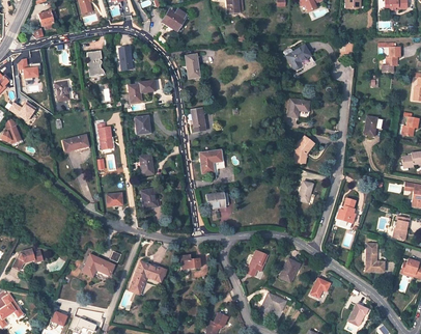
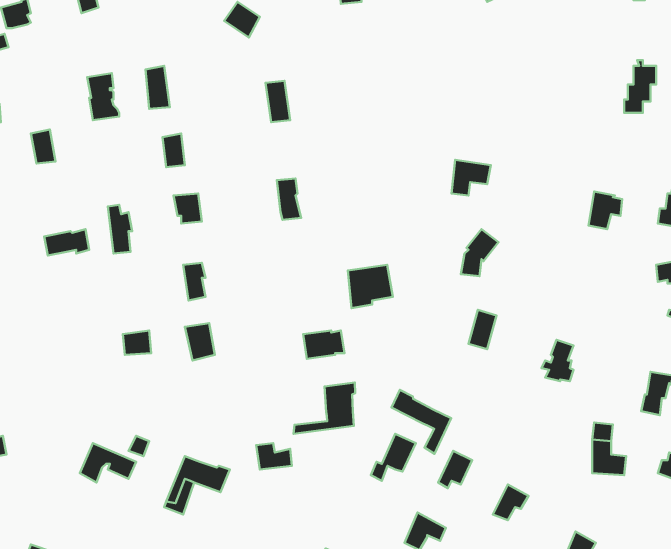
building: [286,45,315,71] -> none
building: [200,149,225,173] -> [348,265,393,308]
building: none -> [293,382,355,434]
building: none -> [391,390,451,454]

